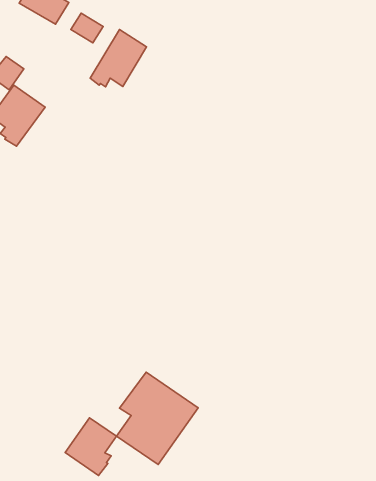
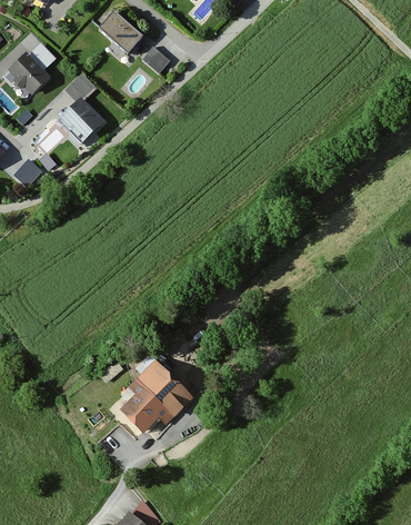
building: [90,30,147,87] -> none
building: [65,418,117,475] -> none

